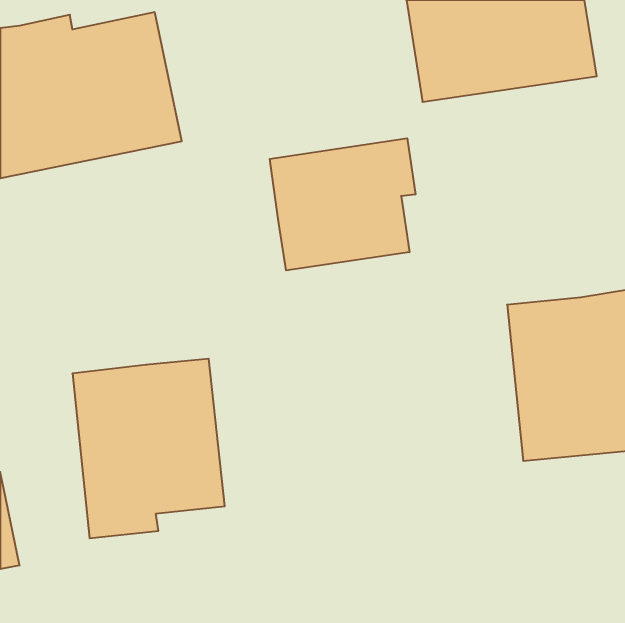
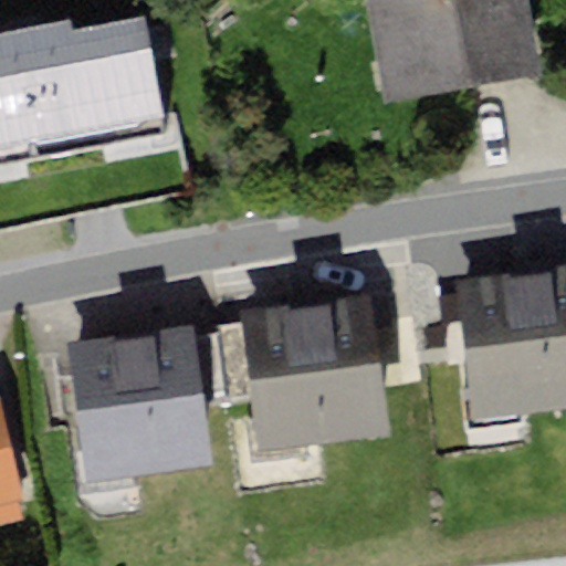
building: [270,138,416,270] -> none
building: none -> [214,297,392,462]

